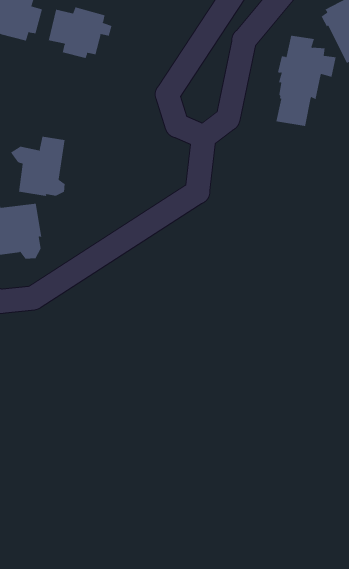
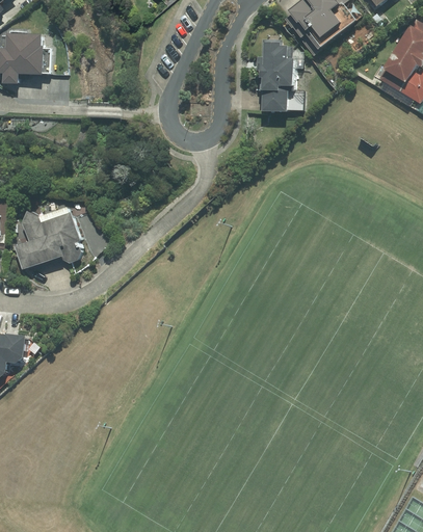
building: [48,7,112,59] -> none
building: [10,136,65,197] -> none

